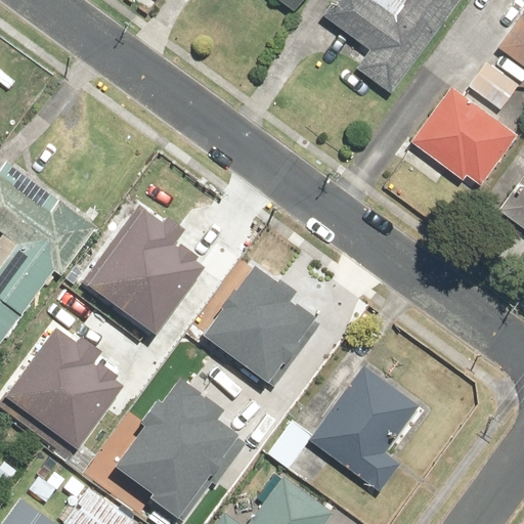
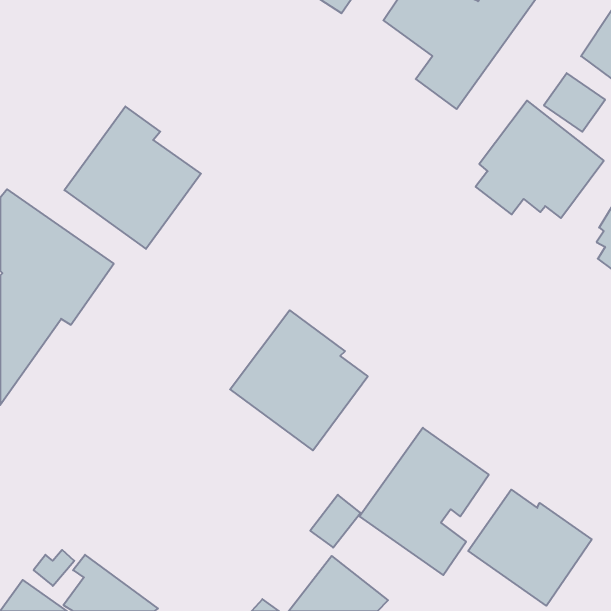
building: [90,209,207,331] -> [64,106,201,249]
building: [7,329,123,450] -> none
building: [108,376,239,518] -> none
building: none -> [468,490,592,606]

